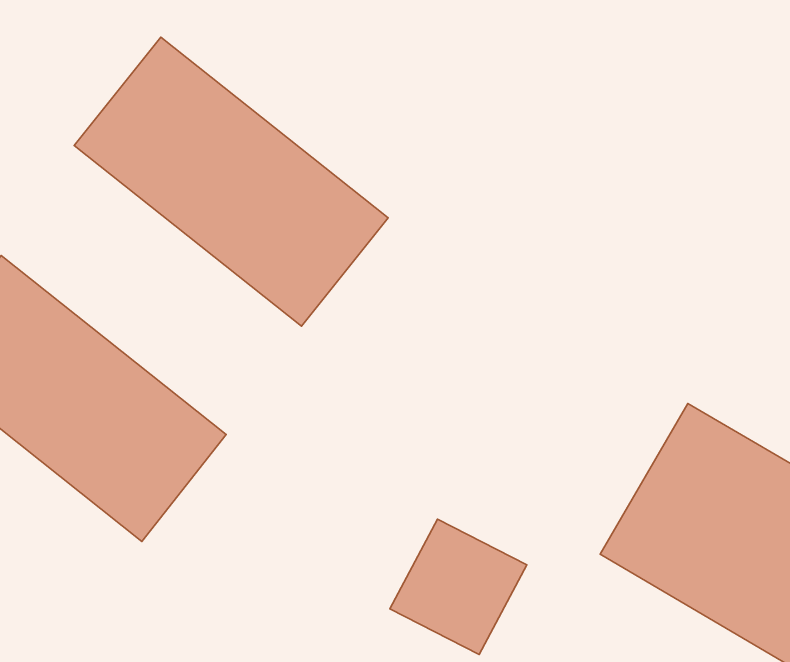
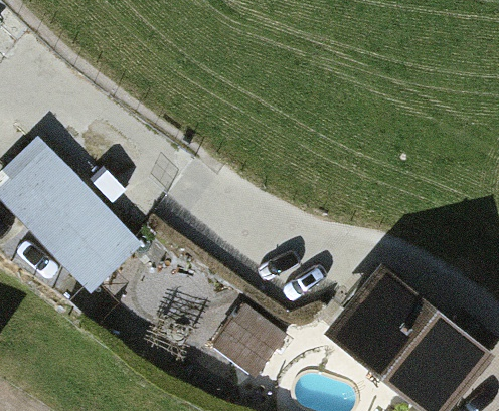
building: [74,37,388,326] -> none

